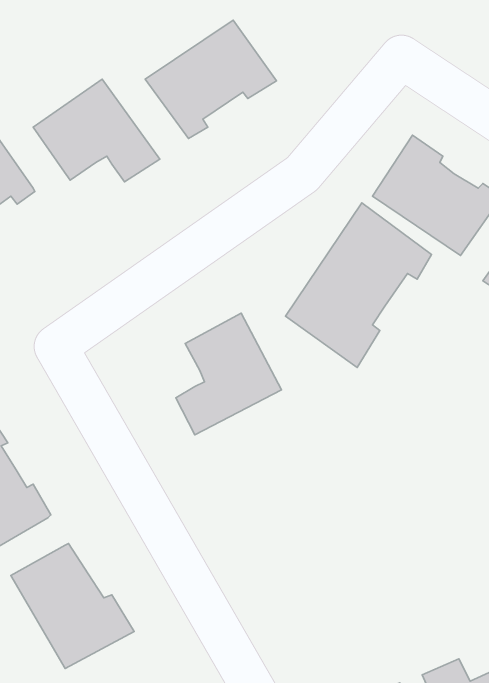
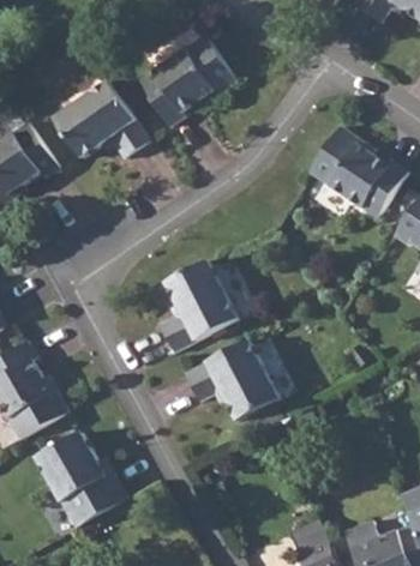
building: [285,203,432,367] -> none
building: none -> [185,337,281,417]

